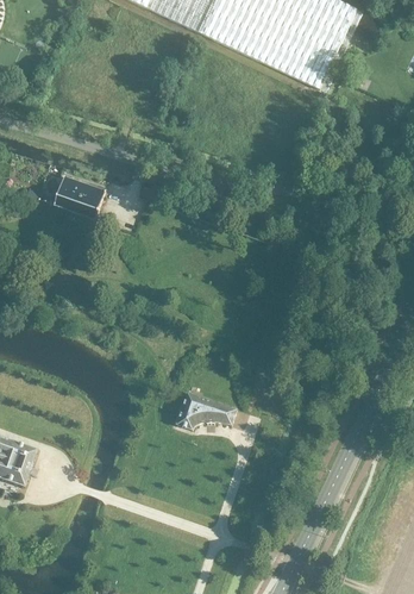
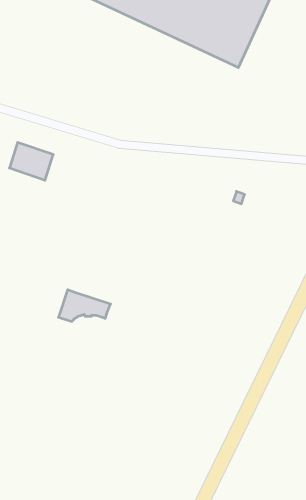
building: [176,392,237,429] -> [58,290,111,321]

